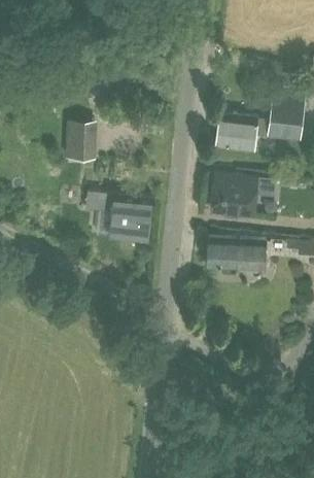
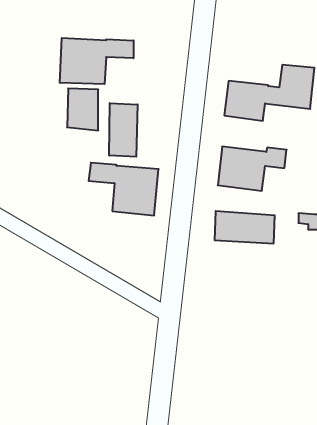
building: none -> [60,38,134,84]
building: none -> [109,103,138,157]

